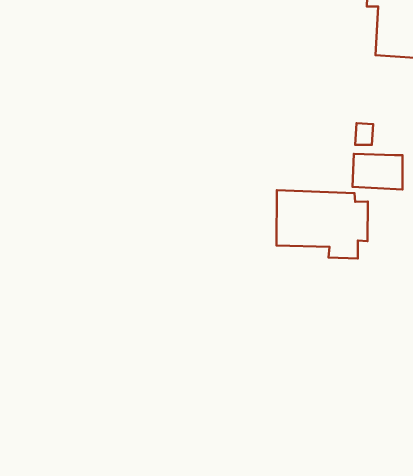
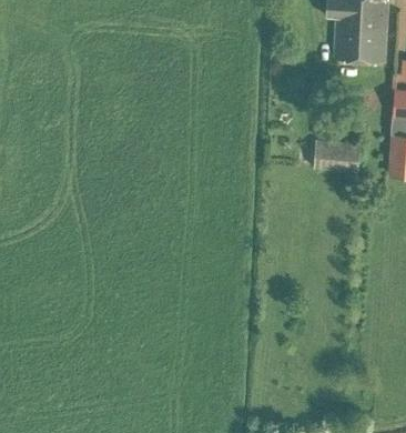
building: [277,190,368,258] -> none

